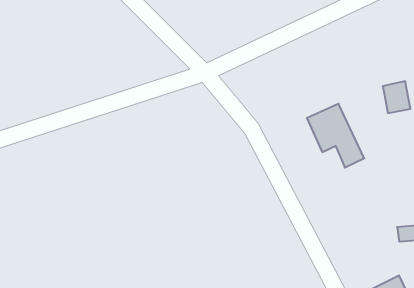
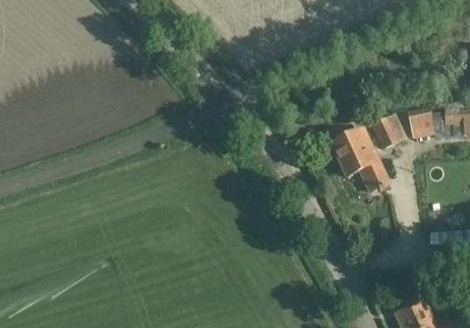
building: none -> [372,114,406,148]

